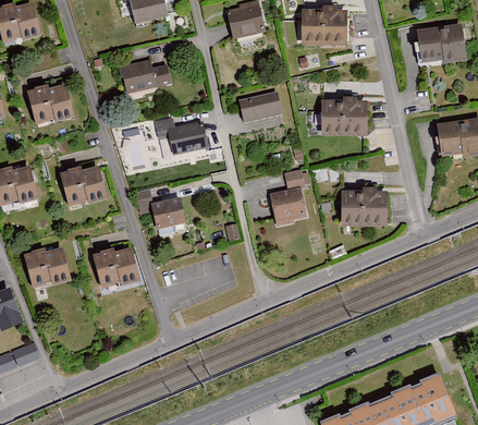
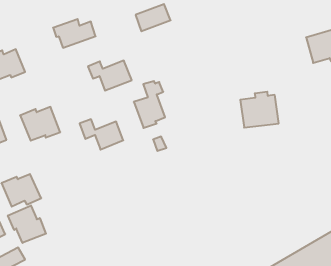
building: [237,92,281,122] -> [136,4,171,31]
building: [319,95,366,135] -> none
building: [269,169,308,227] -> [134,81,165,128]
building: [91,248,138,288] -> none
building: none -> [8,205,46,243]

